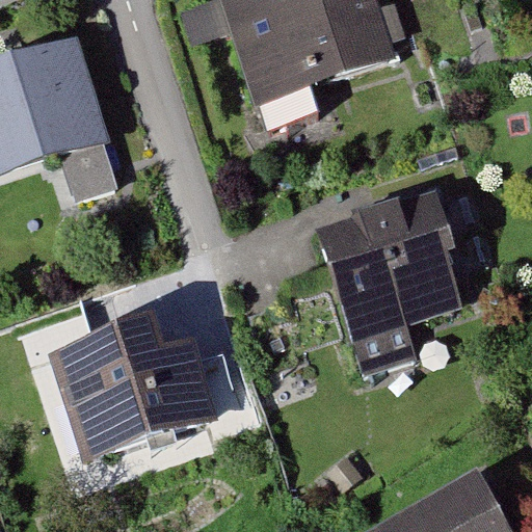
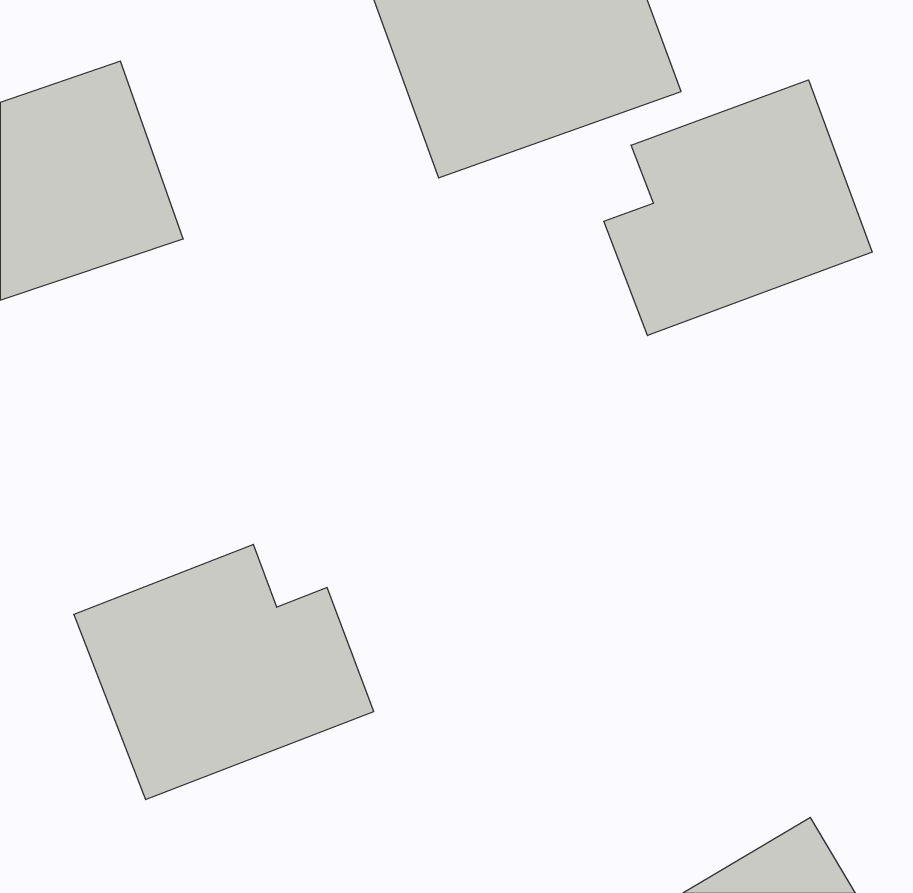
building: none -> [604,80,872,336]
building: [312,186,466,375] -> none

